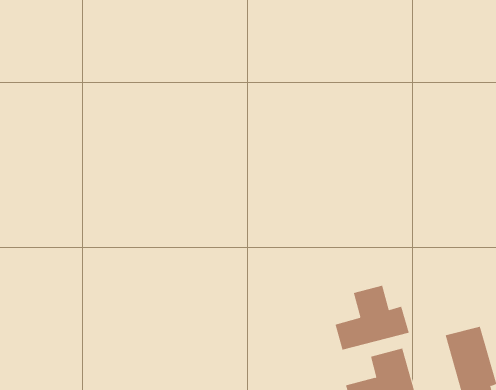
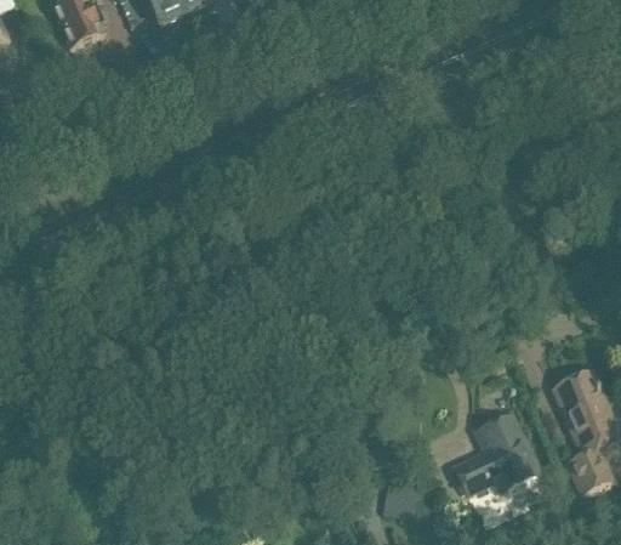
building: [335,285,410,351] -> none

